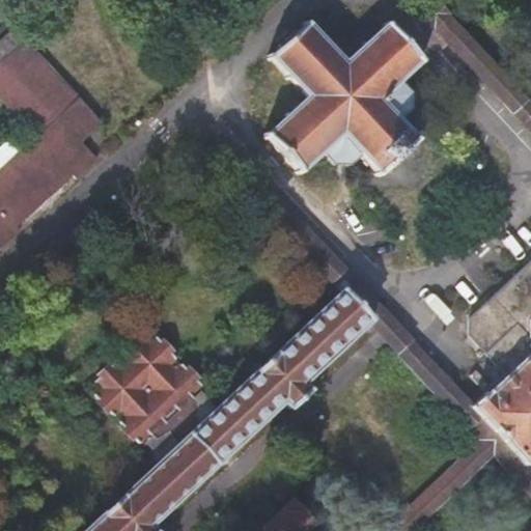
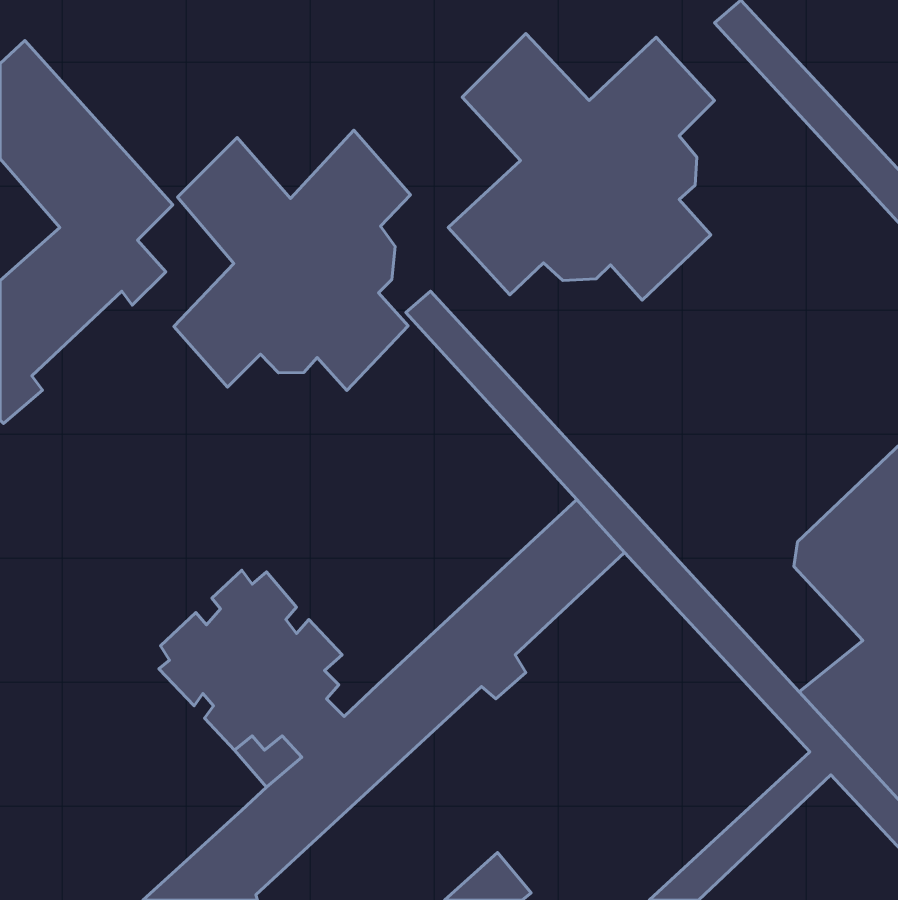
building: none -> [174,130,410,391]

